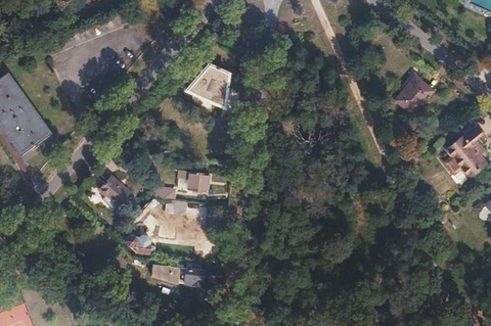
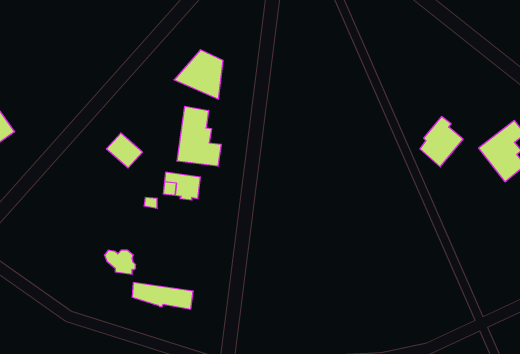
building: [396,72,433,114] -> [420,117,463,167]
building: none -> [177,106,221,166]
building: [98,177,129,206] -> [106,133,142,168]

